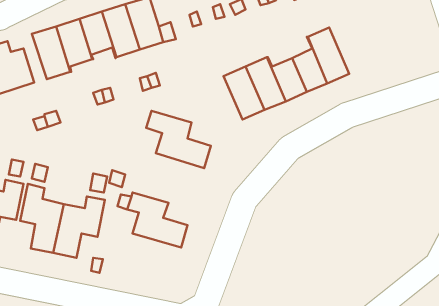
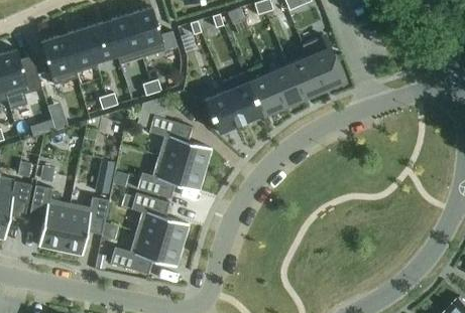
building: none -> [204,83,240,134]
building: none -> [136,156,204,199]
building: none -> [109,232,182,275]

